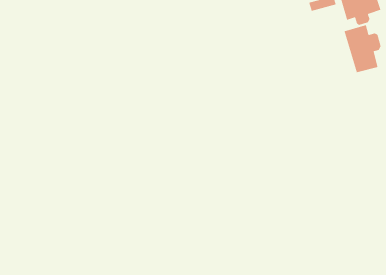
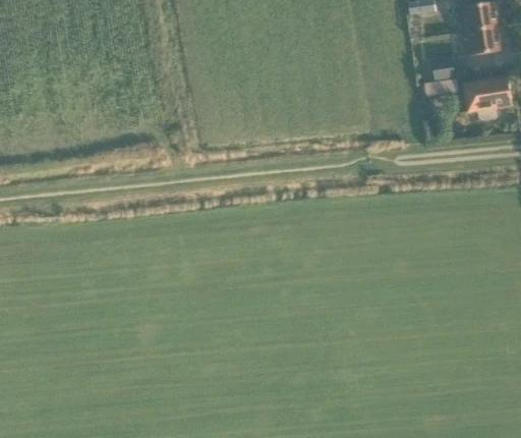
building: [344,24,381,73] -> none

